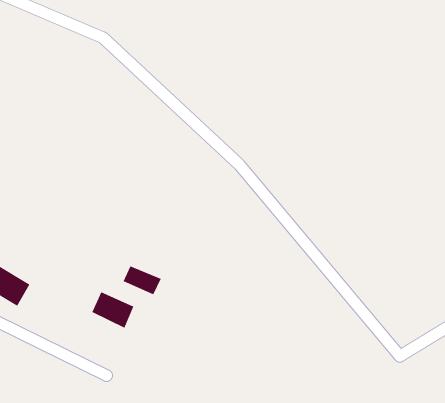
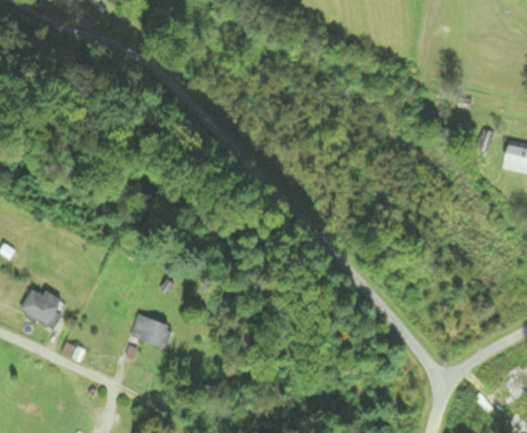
building: [123,265,161,295] -> none

